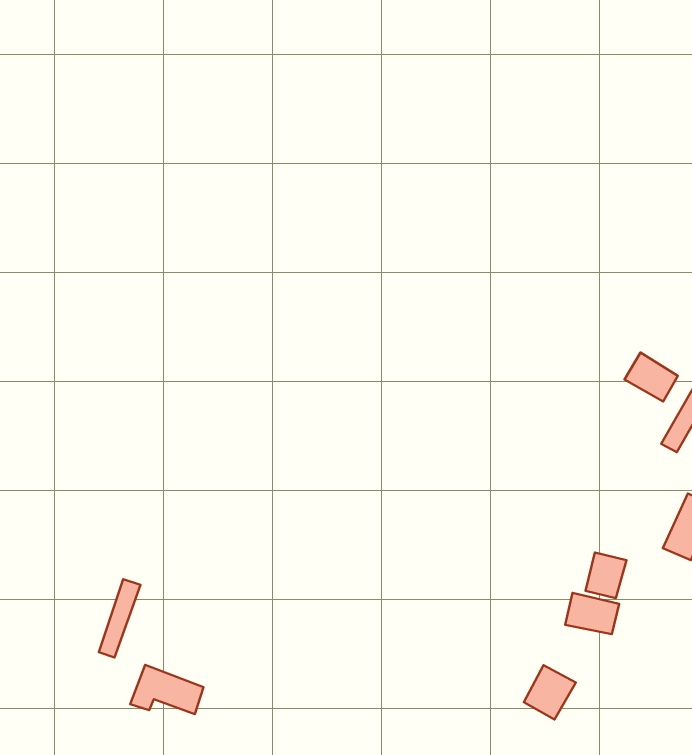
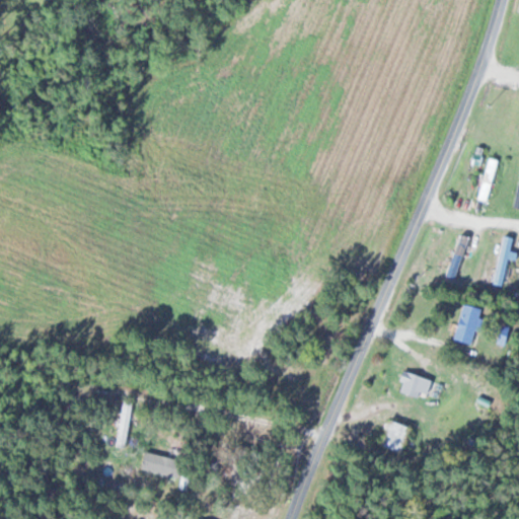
building: [625,352,678,402] -> none
building: [586,553,626,598] -> none

